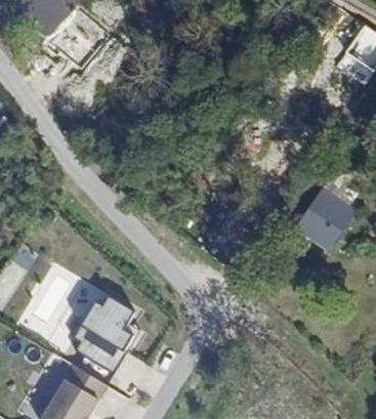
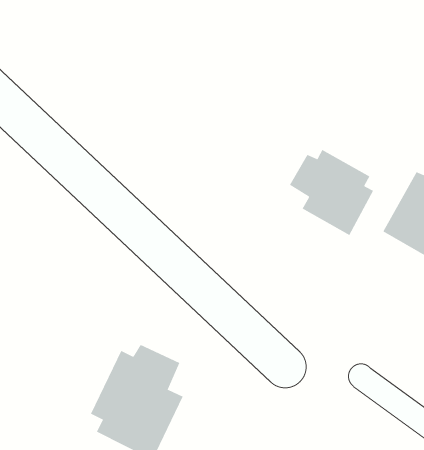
building: none -> [289,149,374,236]

